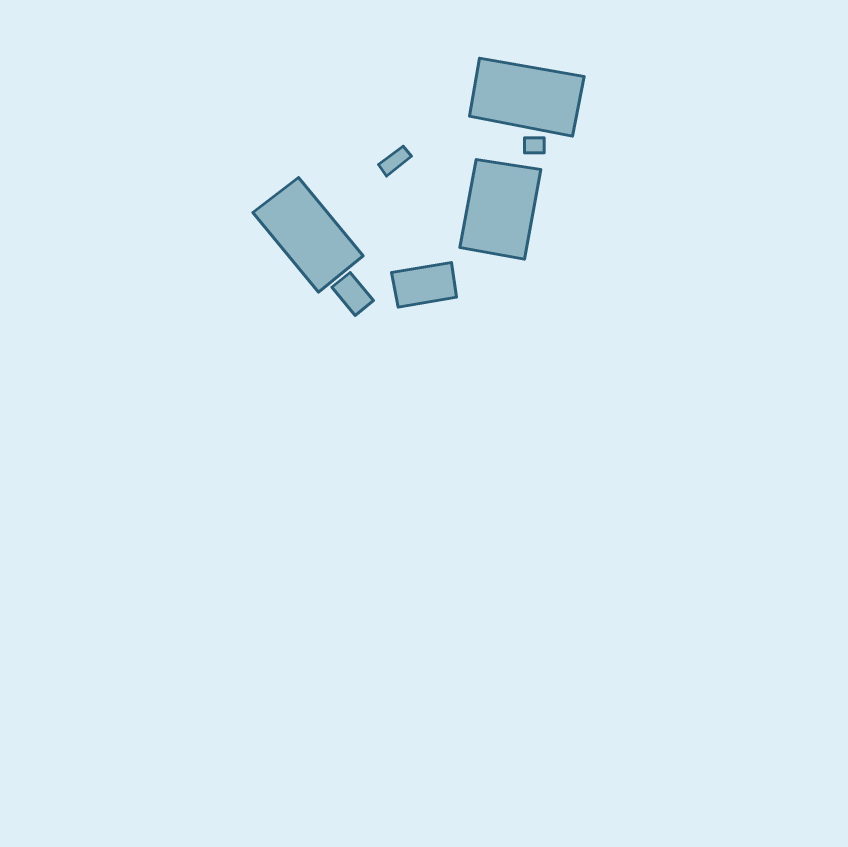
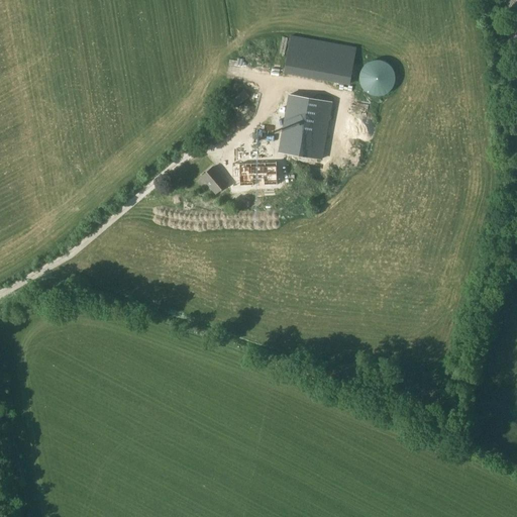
building: none -> [360,61,395,95]
building: [253,178,363,292] -> none

